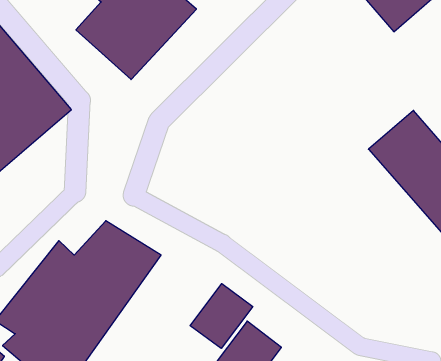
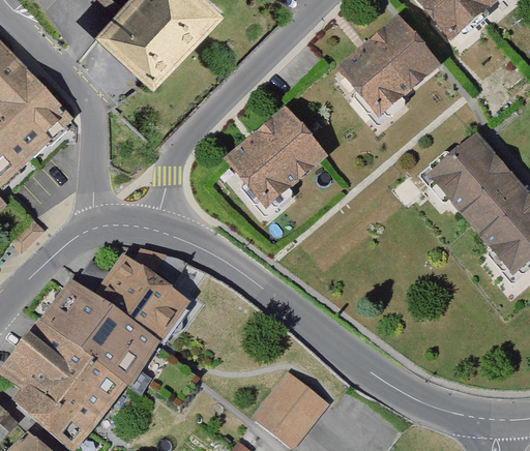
building: none -> [335,11,440,115]
building: none -> [230,108,329,204]
building: [190,284,253,348] -> none

